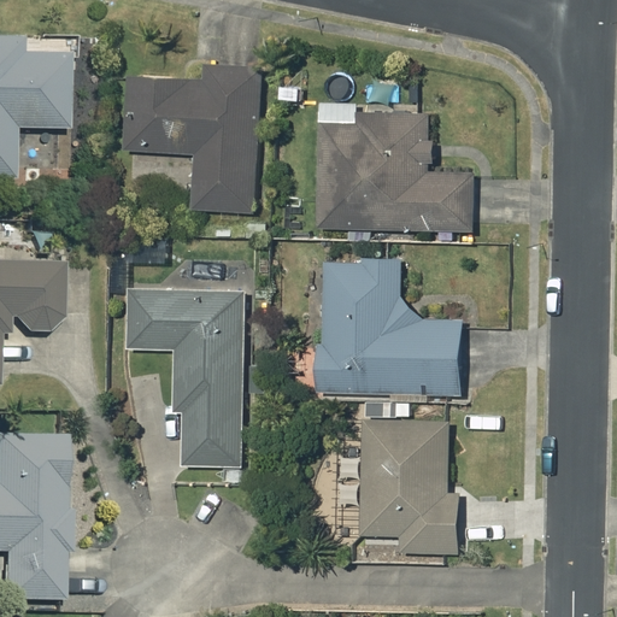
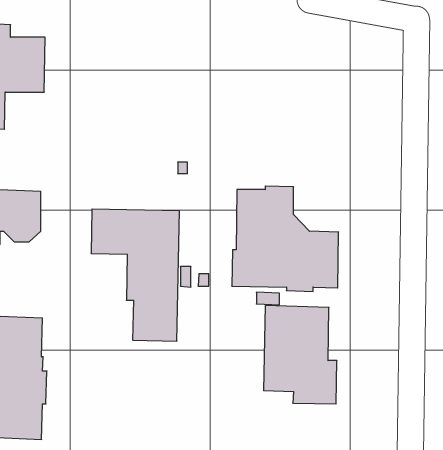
building: [123,63,262,212] -> none
building: [316,110,472,229] -> none

